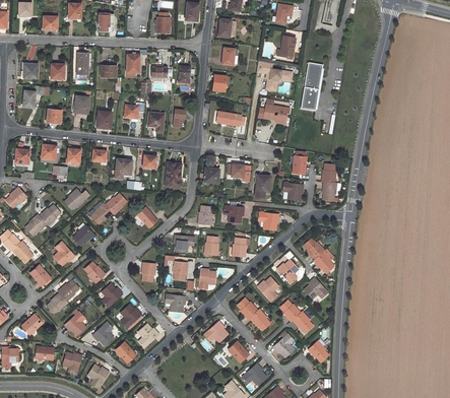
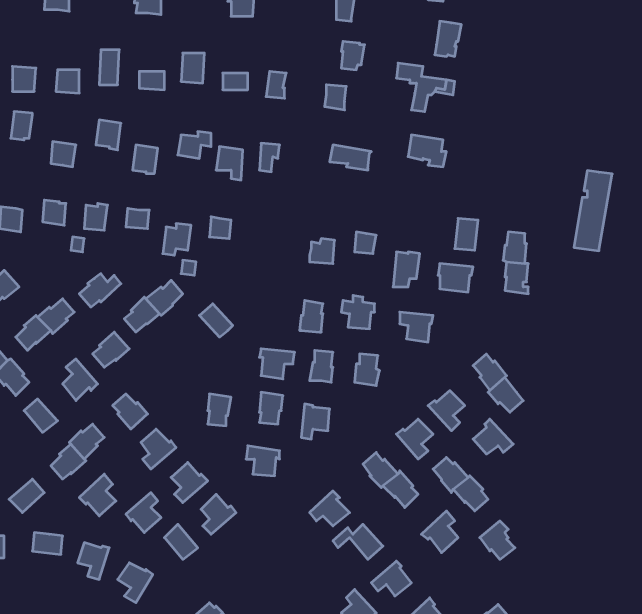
building: [301,62,324,111] -> [574,171,612,251]
building: [166,162,184,187] -> none

